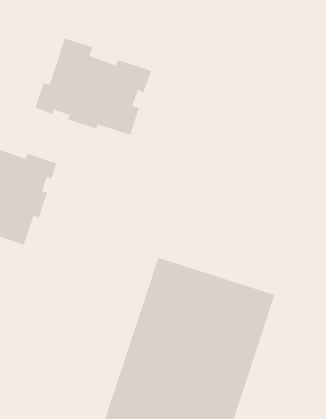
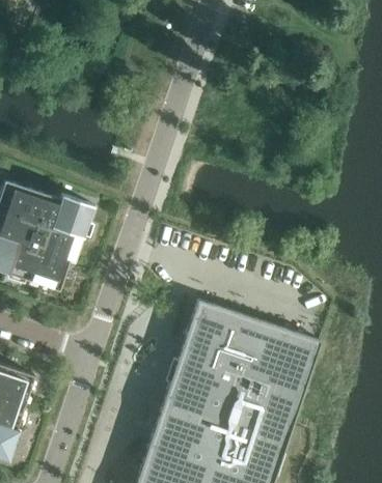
building: [35,37,153,136] -> none

